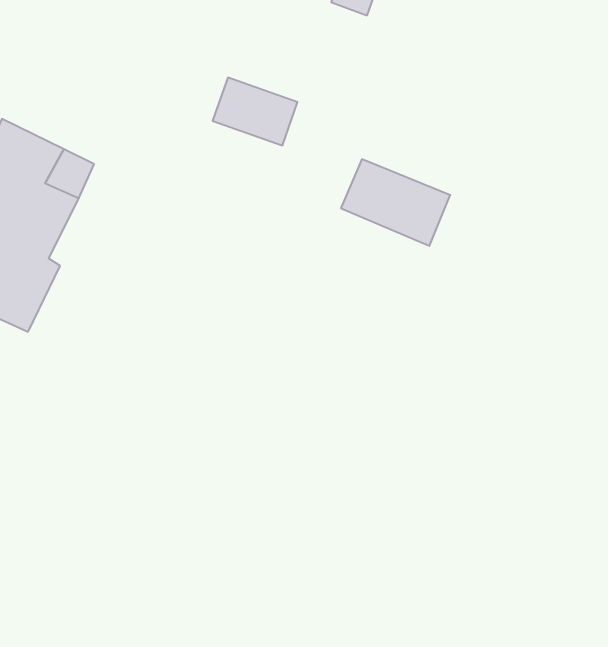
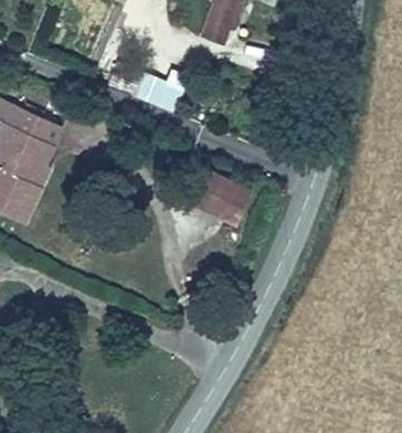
building: [341,159,450,246] -> [186,166,250,216]

